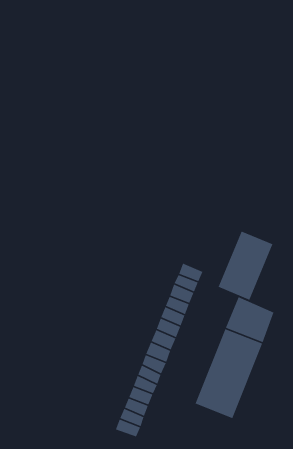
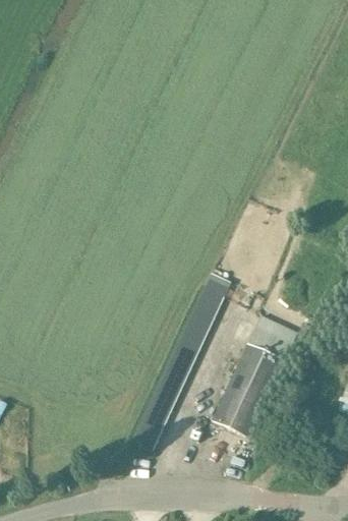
building: [217,230,274,301] -> none

